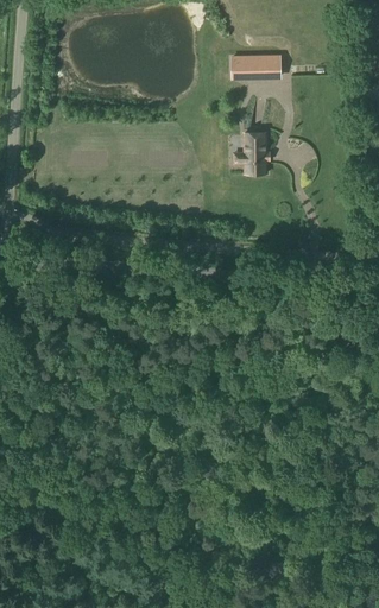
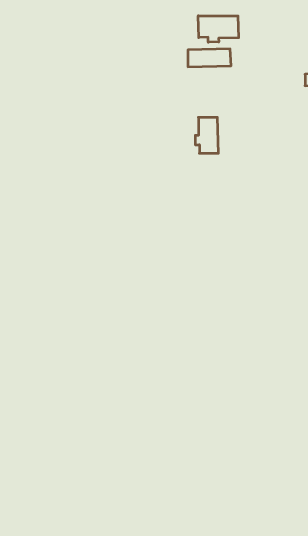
building: none -> [198,16,239,42]

